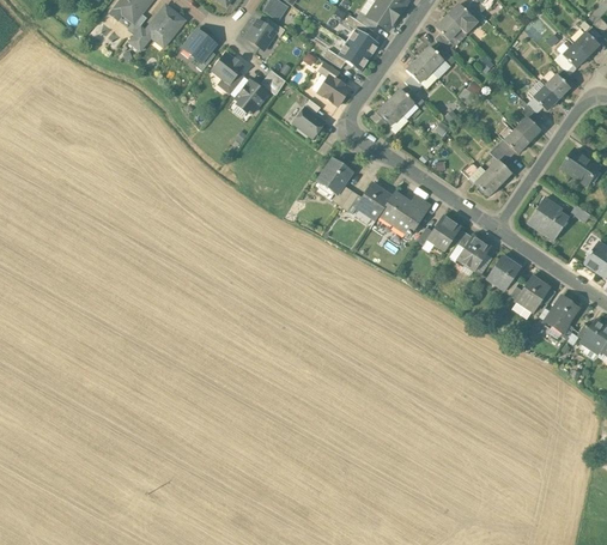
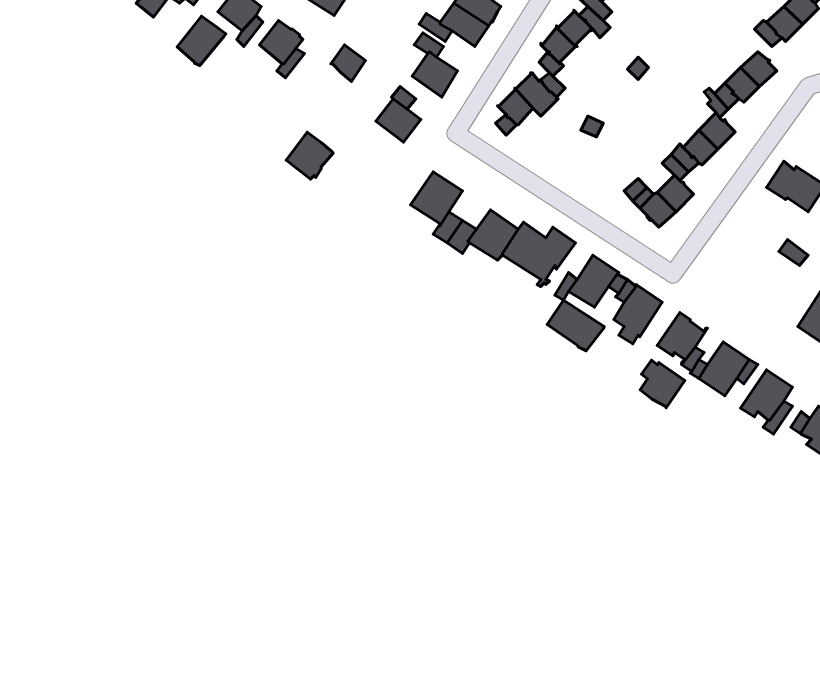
building: none -> [177,16,226,66]
building: [235,79,267,111] -> [286,132,333,179]
building: [527,198,567,238] -> none
building: none -> [547,300,604,351]
building: none -> [640,360,685,408]

